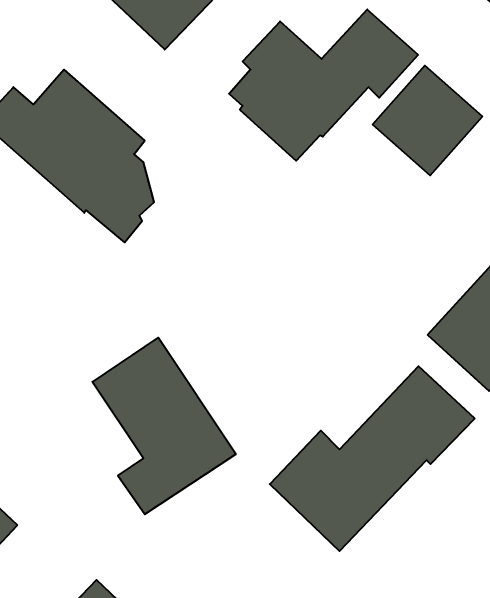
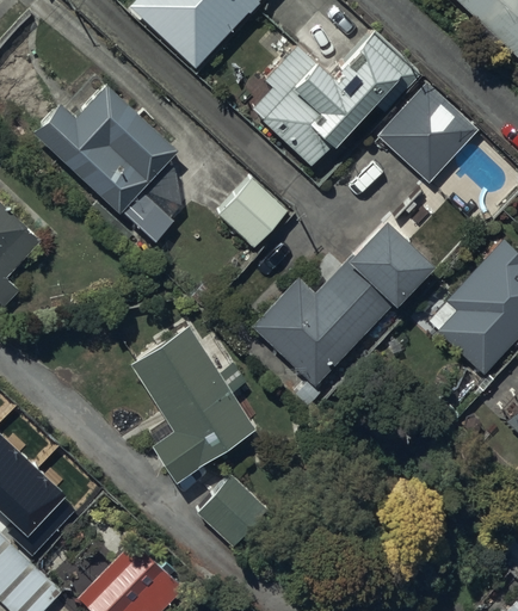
building: none -> [218,180,286,248]
building: [270,366,475,551] -> [252,221,434,385]
building: none -> [195,476,267,549]

